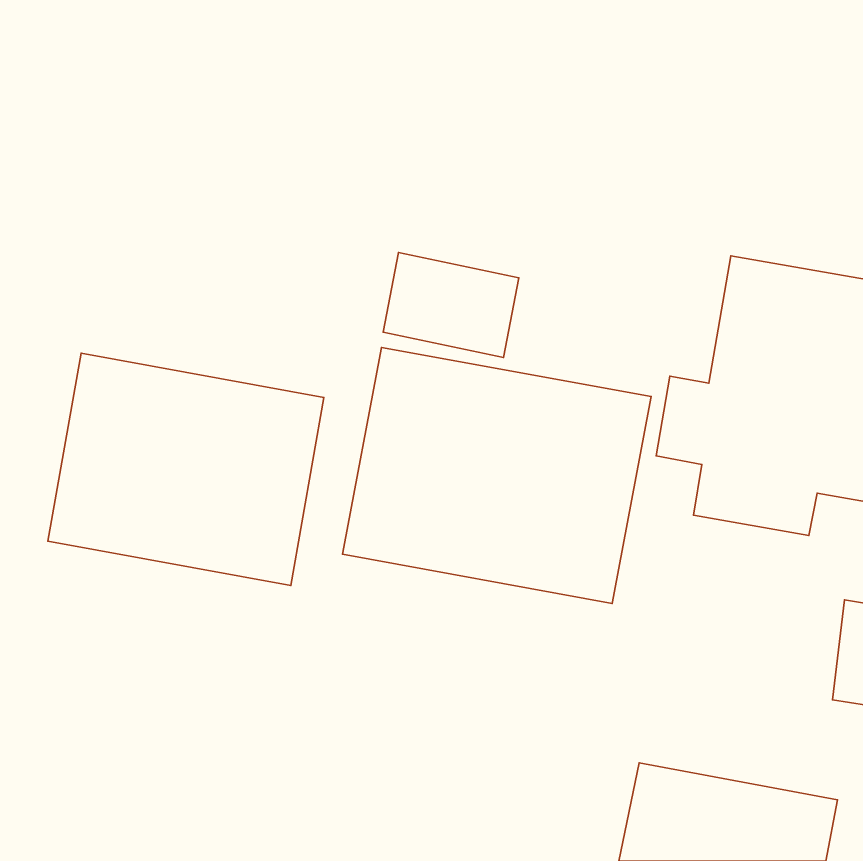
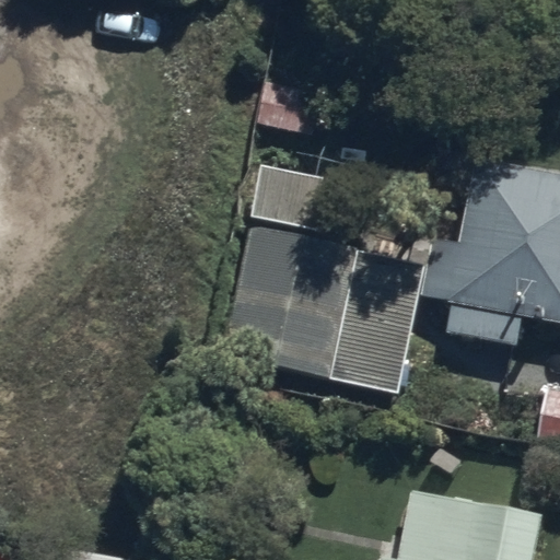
building: [48,353,324,586] -> none

